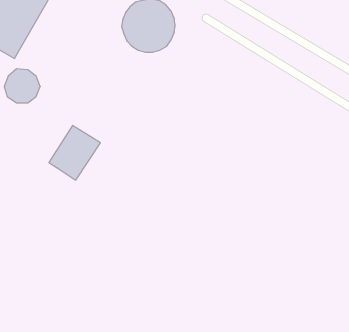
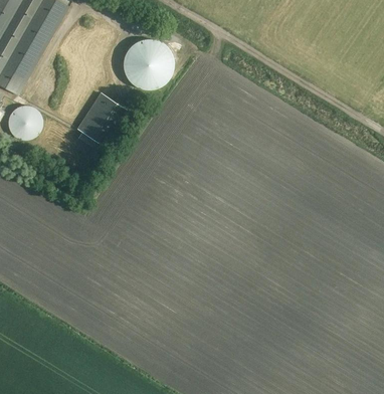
building: [49,125,100,180] -> [76,92,127,146]

